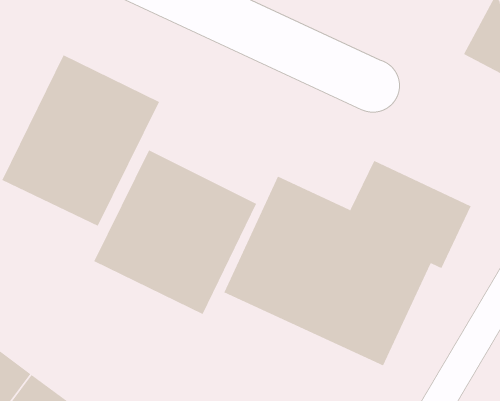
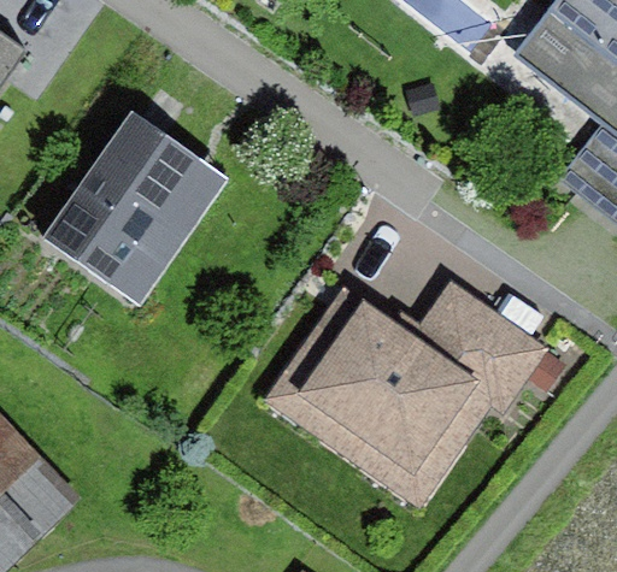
building: [94,150,257,315] -> none

